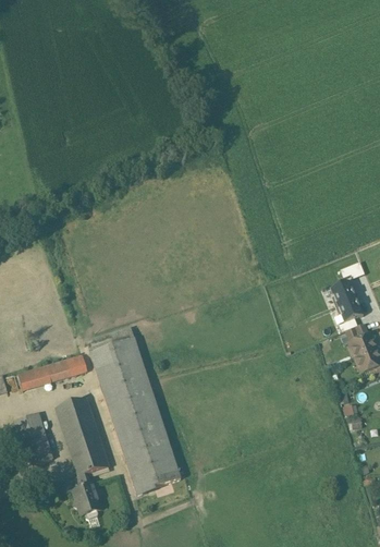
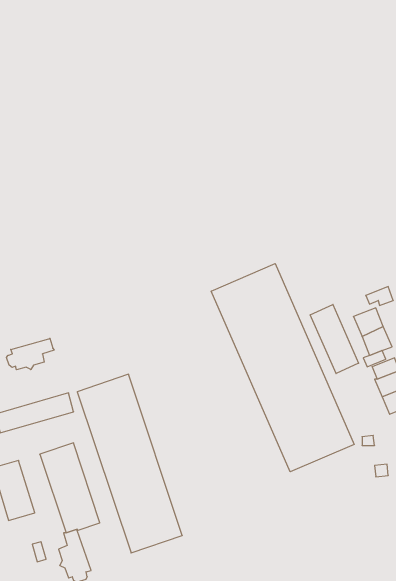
building: none -> [211,264,354,472]
building: none -> [310,304,359,374]
building: none -> [7,338,54,370]

